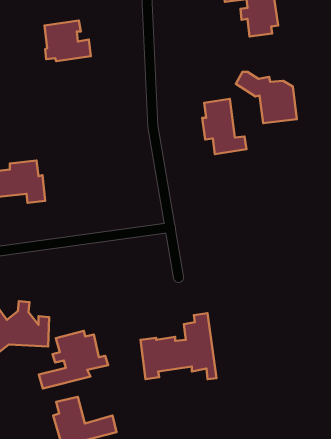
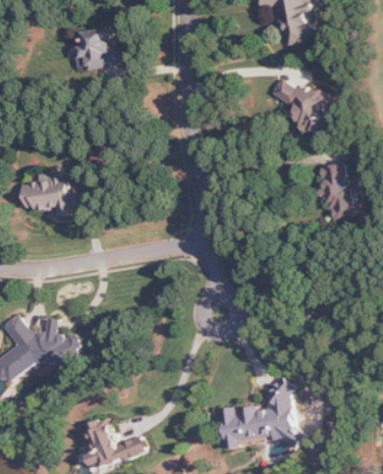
building: [202,99,247,154] -> [316,162,362,219]
building: [141,313,216,379] -> [219,380,297,449]
building: [39,331,108,389] -> none

